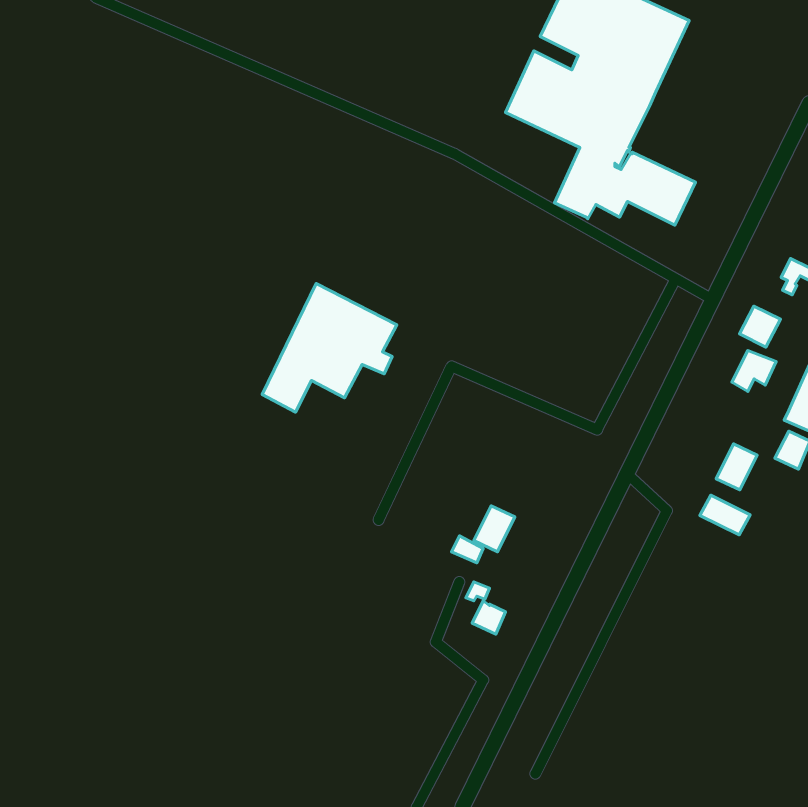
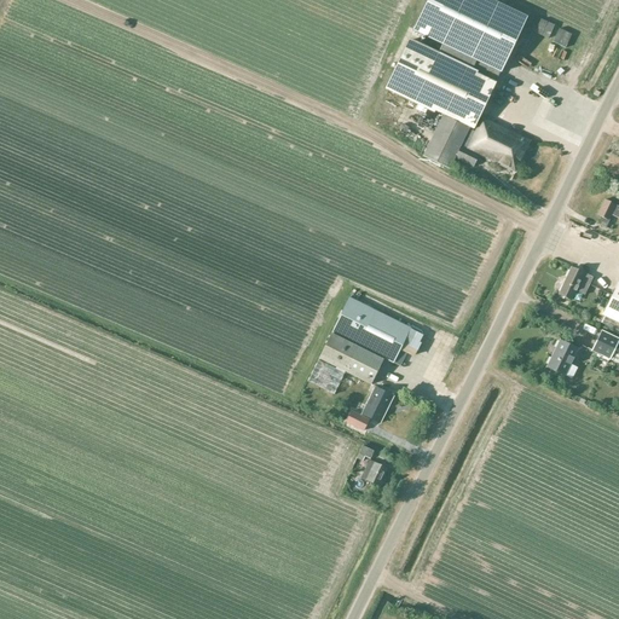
building: [262,284,397,412] -> [308,295,411,393]
building: [739,306,780,347] -> none
building: [700,495,750,535] -> none

